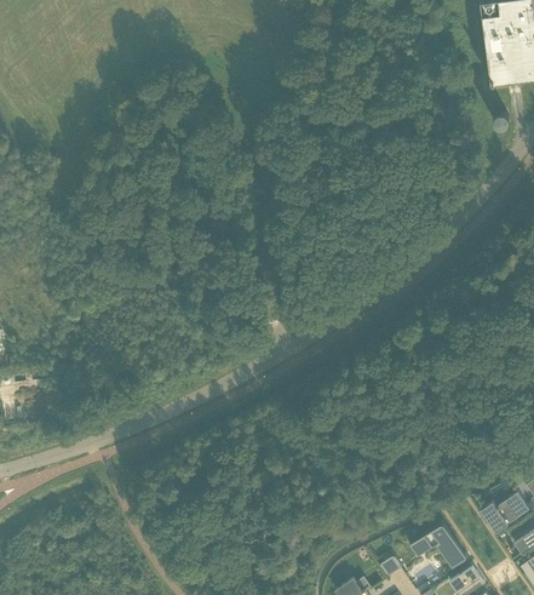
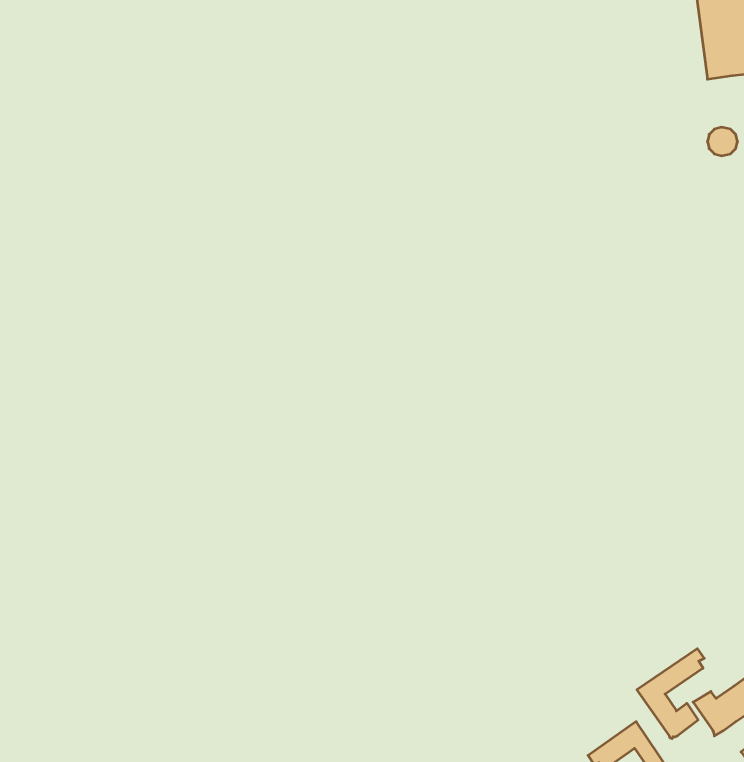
building: none -> [637,649,704,739]

